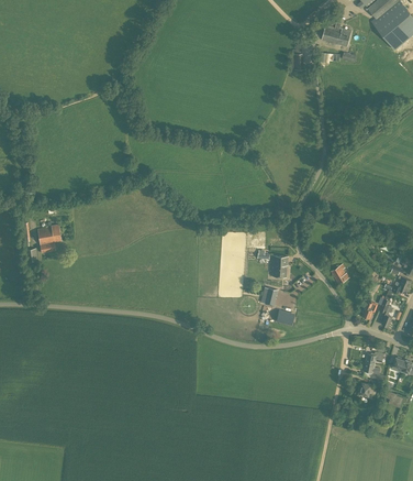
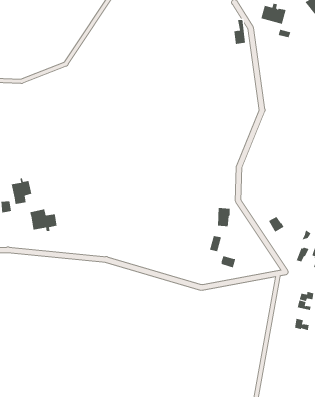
building: none -> [30,209,57,232]

